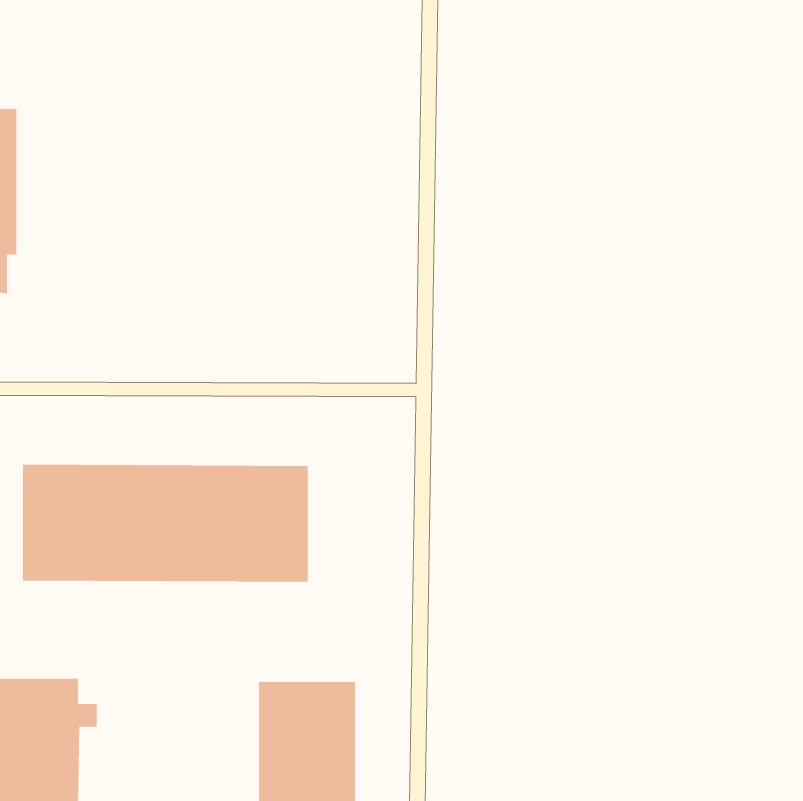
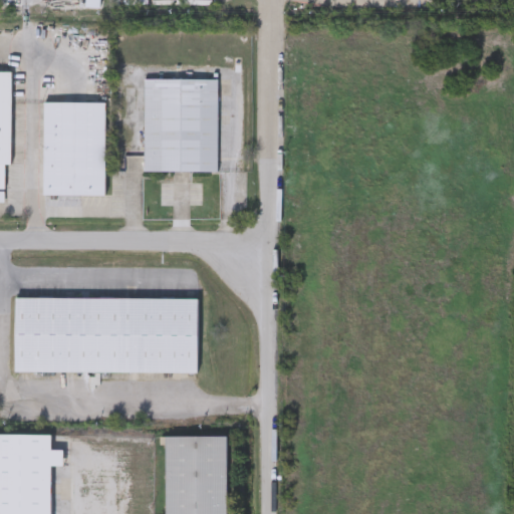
building: none -> [144,79,218,171]
building: none -> [42,102,105,196]

